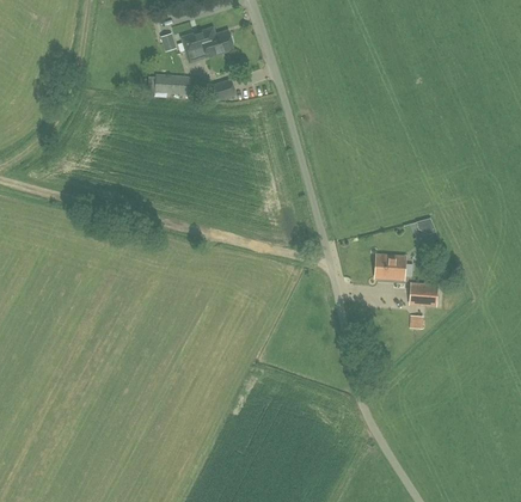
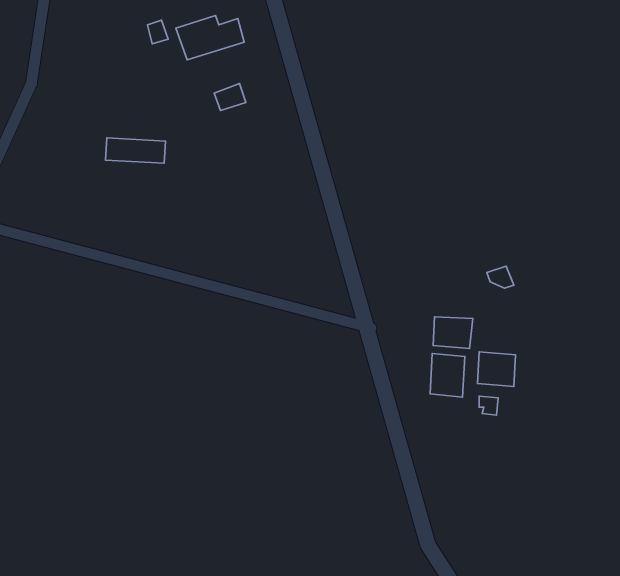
building: [154,74,200,93] -> [105,138,166,163]
building: none -> [430,353,465,397]

